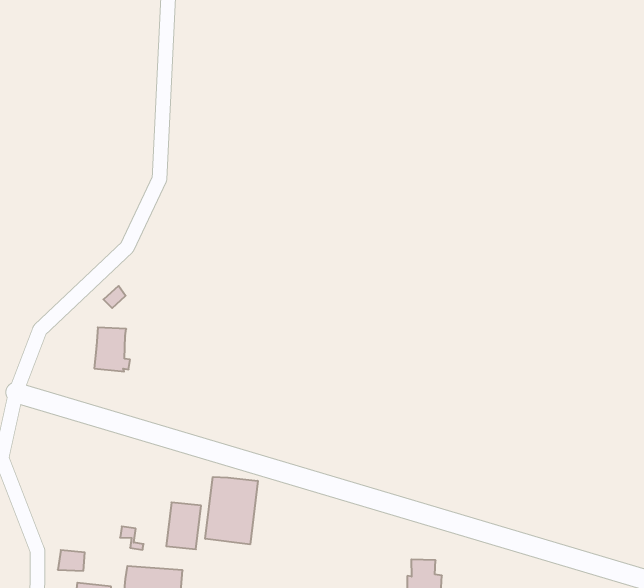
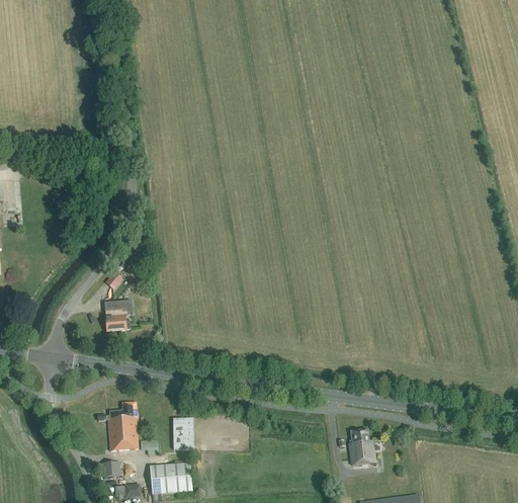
building: [205,477,258,544] -> none
building: none -> [108,406,138,450]

